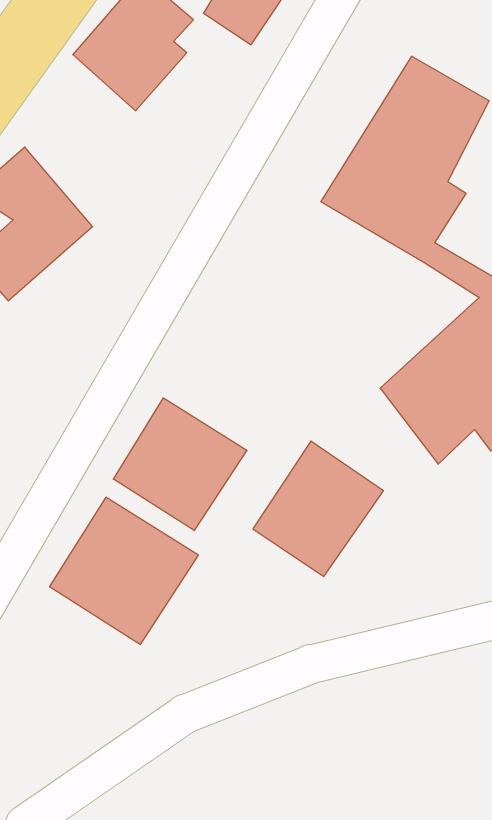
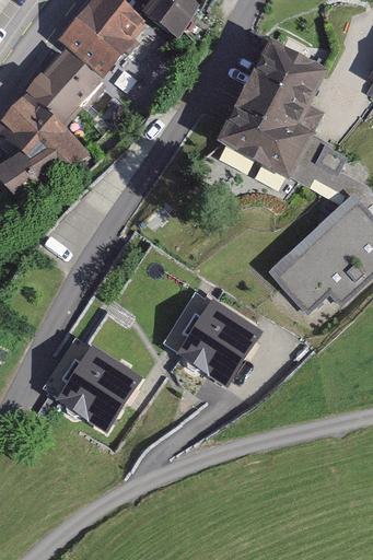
building: none -> [21,51,113,143]
building: [113,398,247,531] -> none

